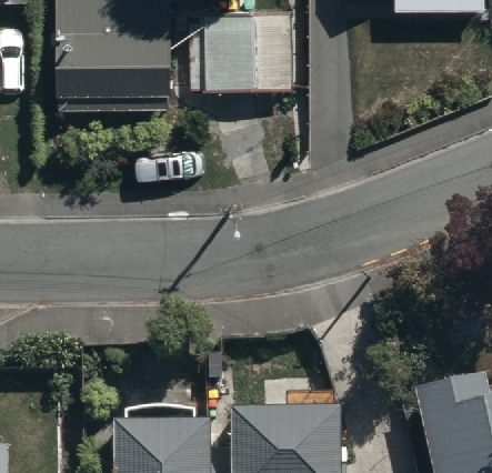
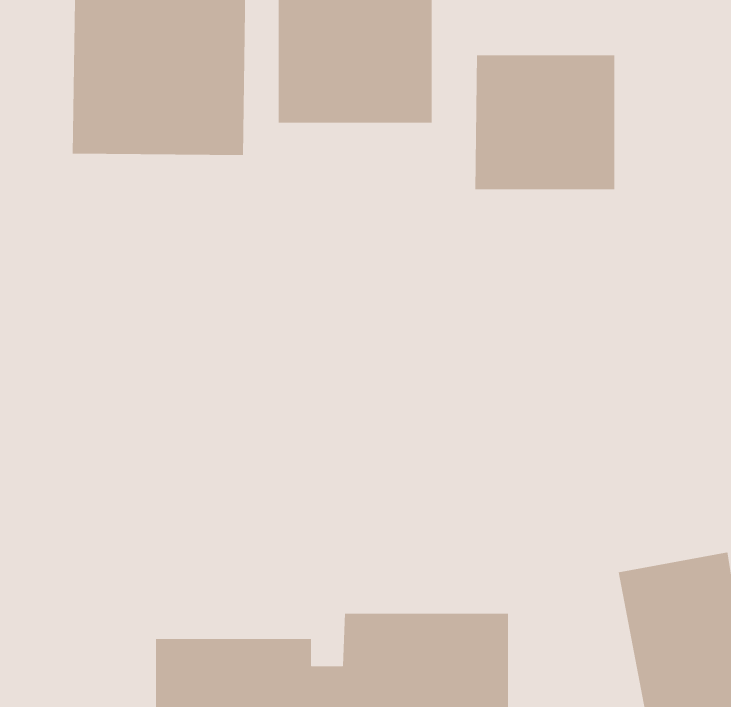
building: none -> [475,54,615,190]

